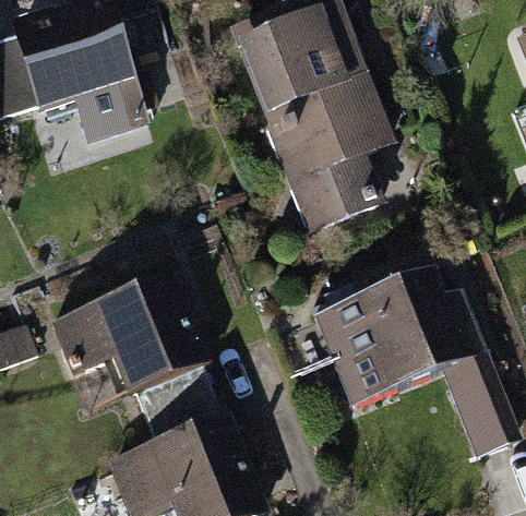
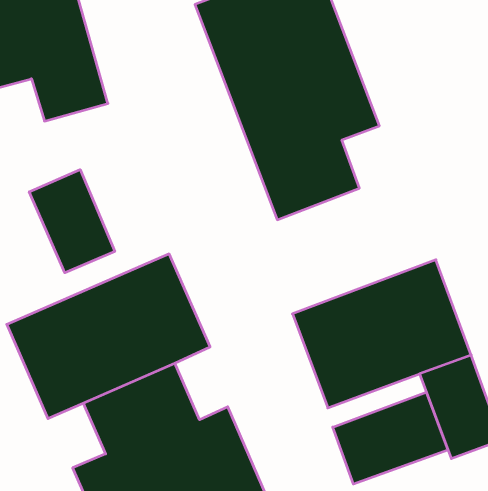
building: none -> [29,170,115,273]
building: none -> [333,392,448,484]

